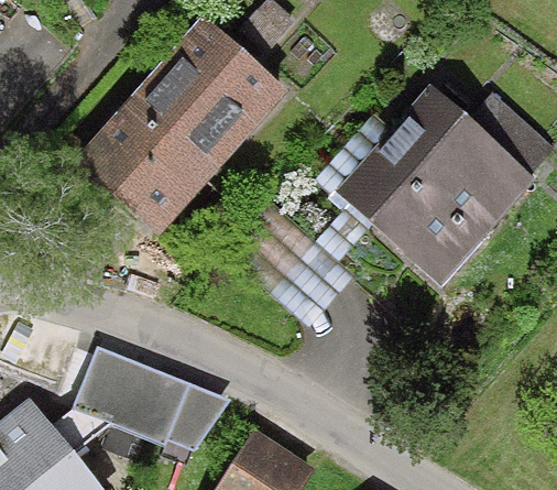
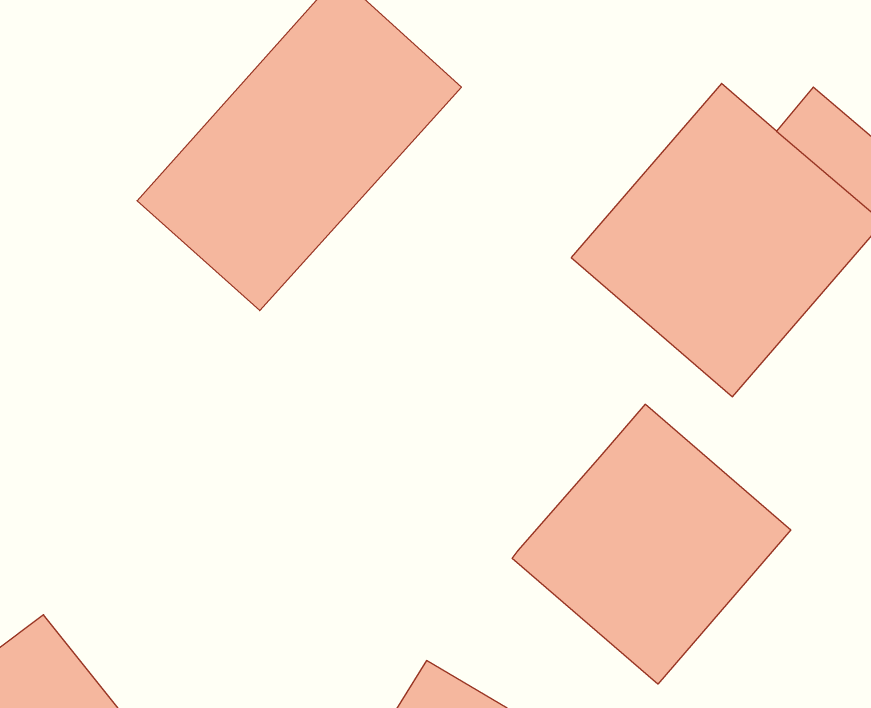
building: none -> [512,404,791,684]
building: [79,352,203,450] -> none

